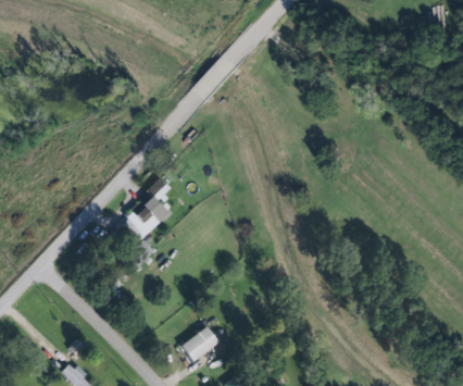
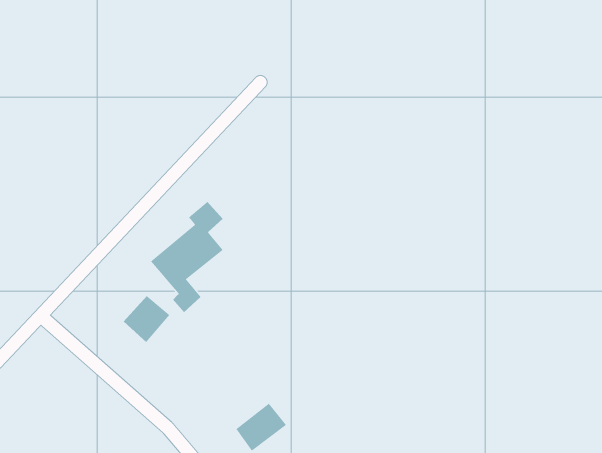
building: none -> [123,295,170,343]

